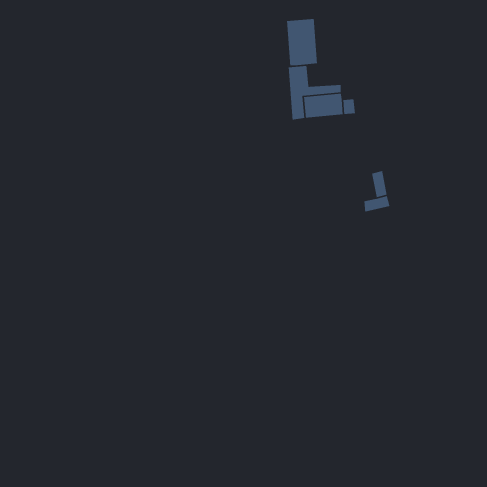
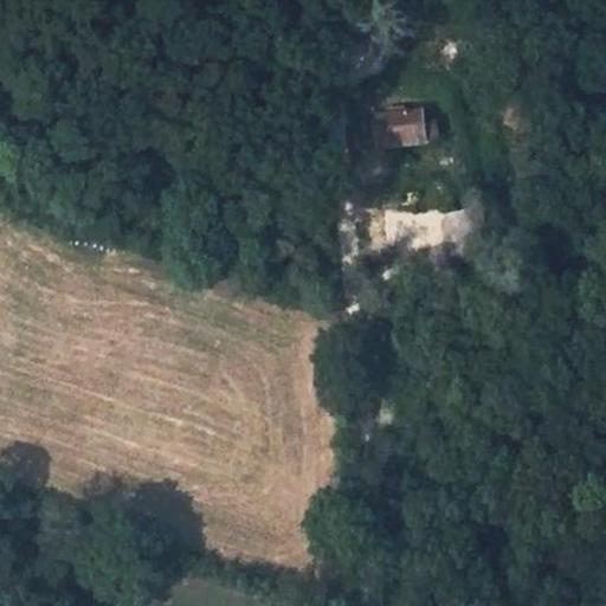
building: [286,18,318,66] -> none

